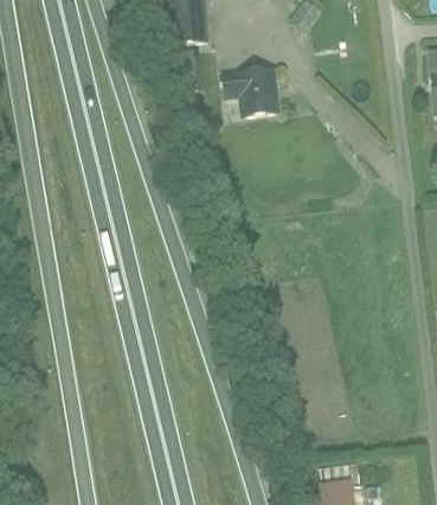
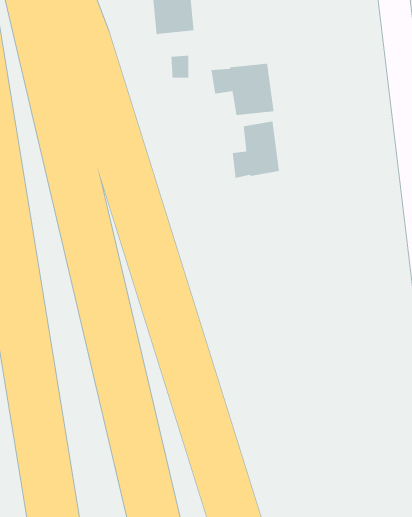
building: none -> [232,121,280,179]

